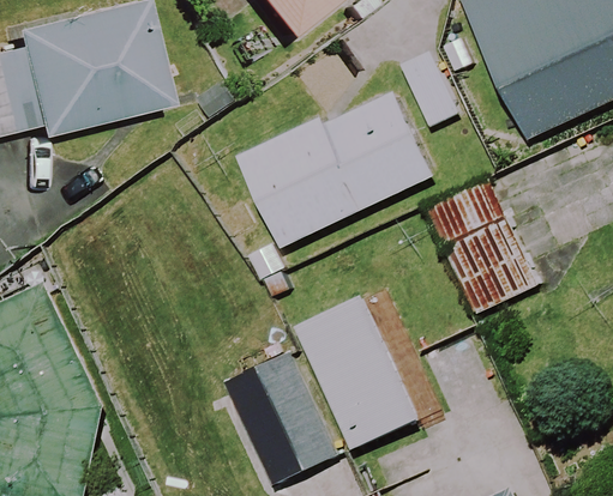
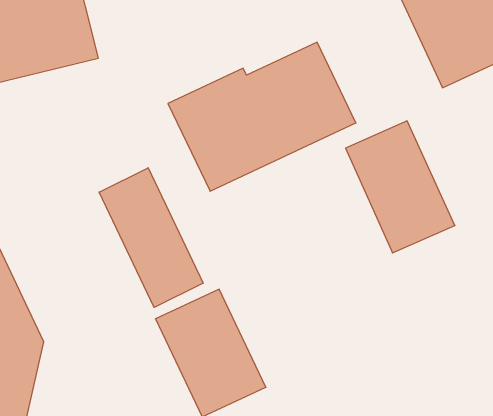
building: none -> [99,168,203,307]
building: [295,296,417,452] -> none

